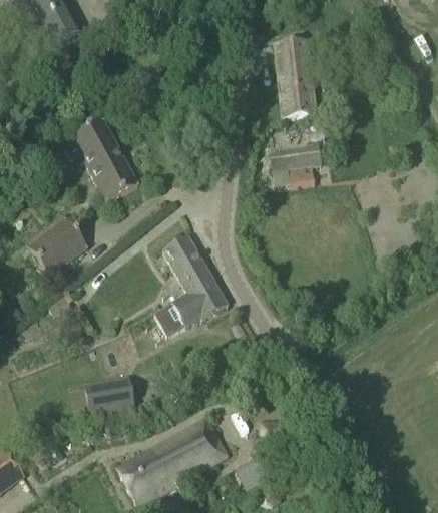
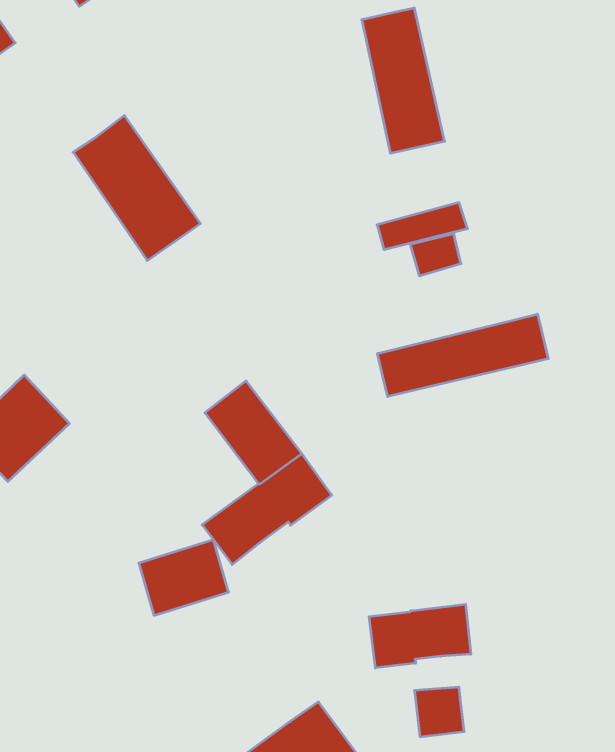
building: [72,117,138,199] -> [73,116,200,261]
building: none -> [378,314,548,397]
building: none -> [369,604,471,668]
building: [85,377,133,415] -> [139,540,229,615]

